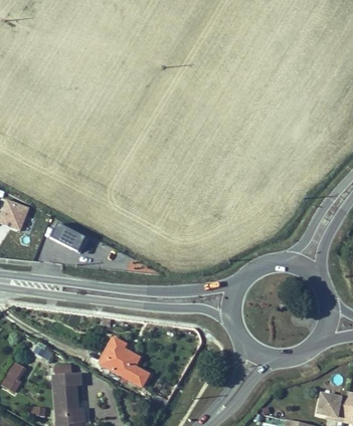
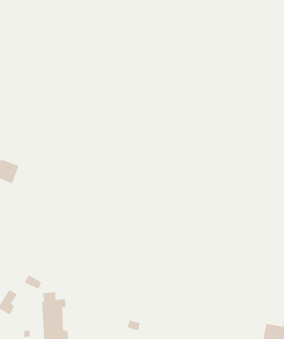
building: [49,223,86,250] -> none
building: [99,335,147,385] -> none

